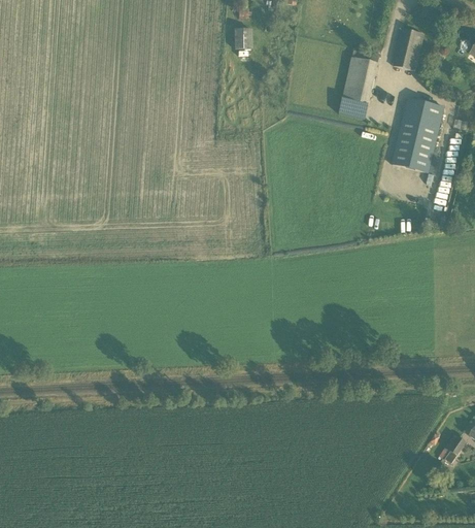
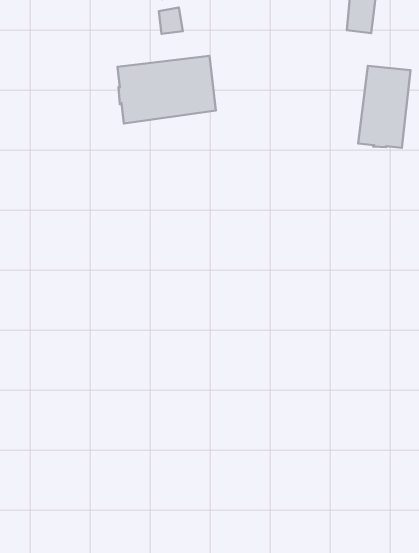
building: [339,55,376,119] -> none
building: none -> [118,56,216,123]

